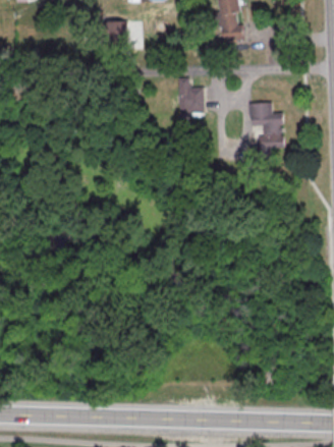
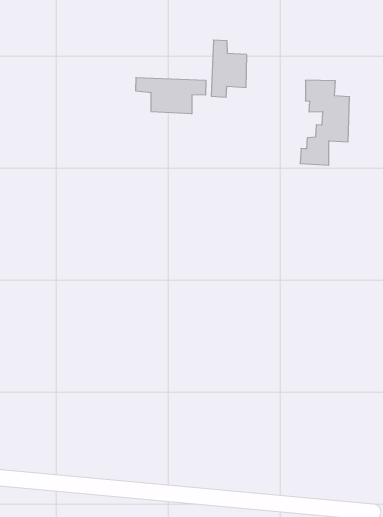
building: none -> [136,77,206,114]

